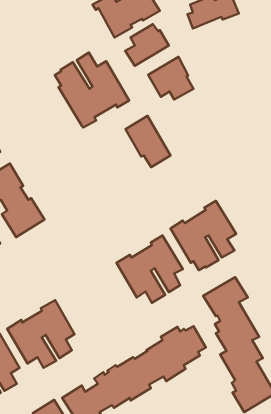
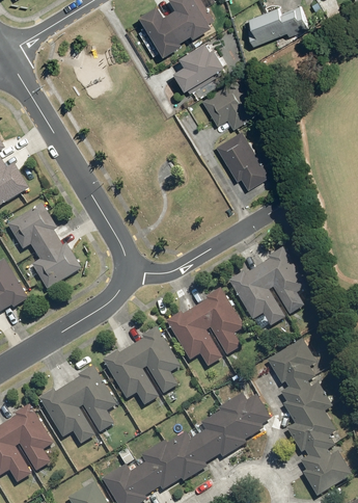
building: [55,53,129,128] -> none
building: [125,116,171,167] -> [217,131,270,191]
building: none -> [102,326,180,404]

